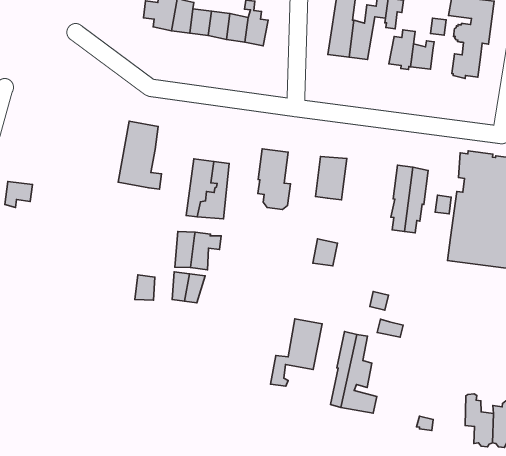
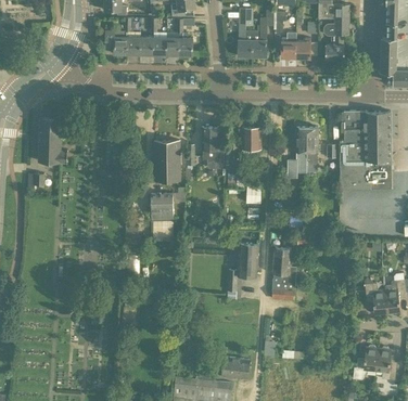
building: [118,121,161,189] -> [38,117,67,161]

